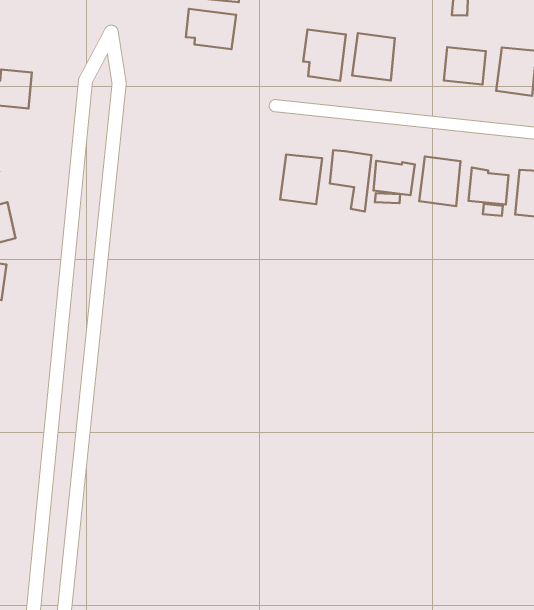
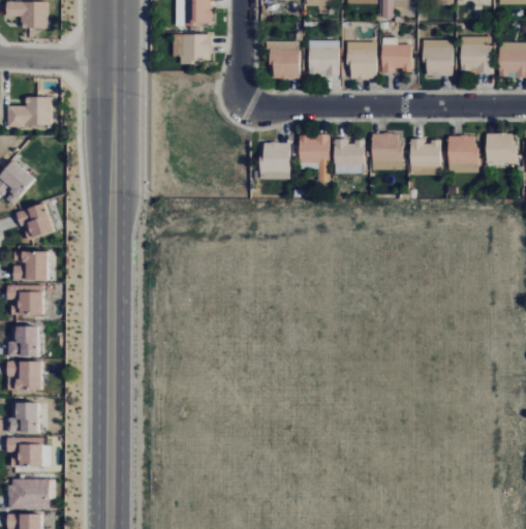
building: none -> [347,41,377,79]

